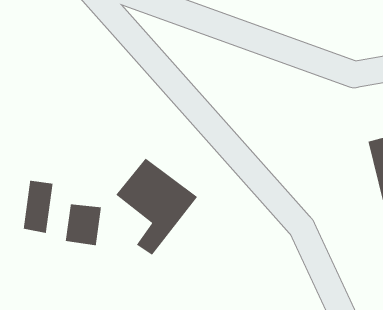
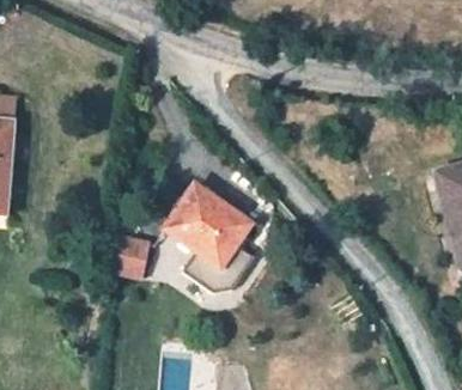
building: [23,180,53,234] -> none

